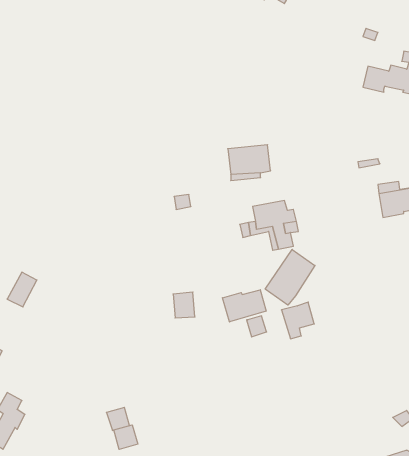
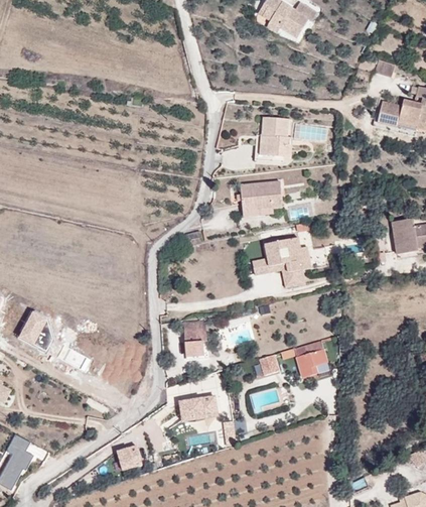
building: none -> [255,116,291,160]
building: [265,249,315,305] -> none
building: [222,290,266,322] -> none
building: none -> [179,396,217,420]
building: [114,425,138,449] -> none

